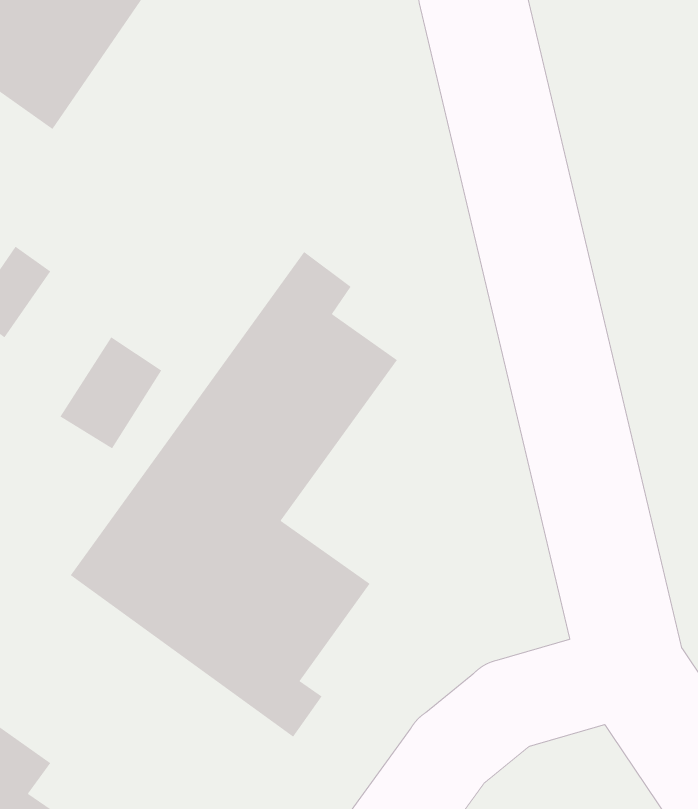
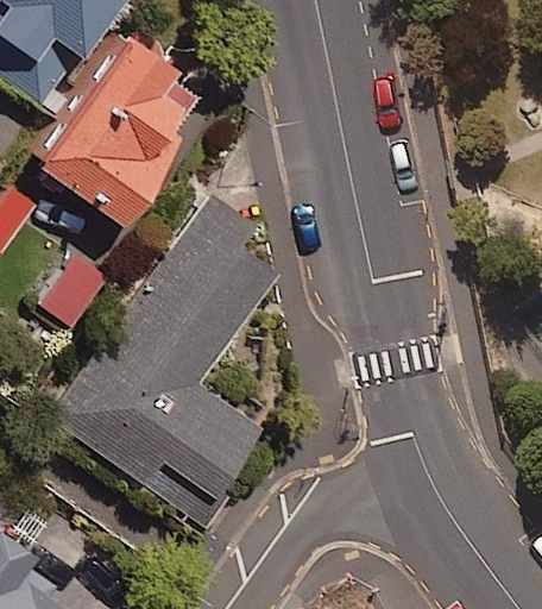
building: none -> [34,23,206,213]

